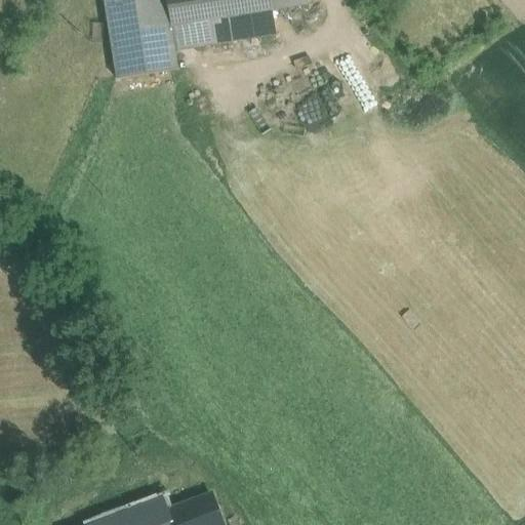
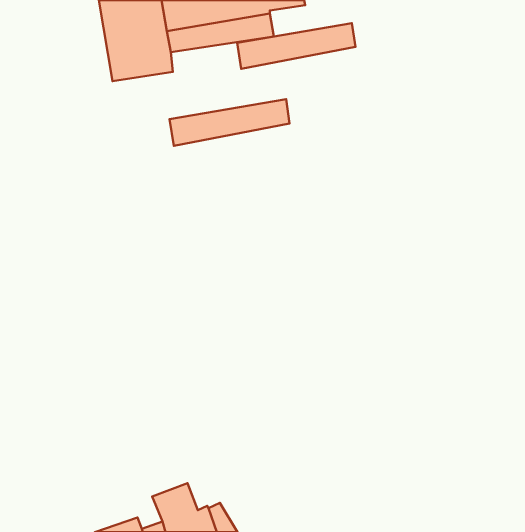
building: none -> [237,23,355,69]
building: none -> [169,99,290,146]

